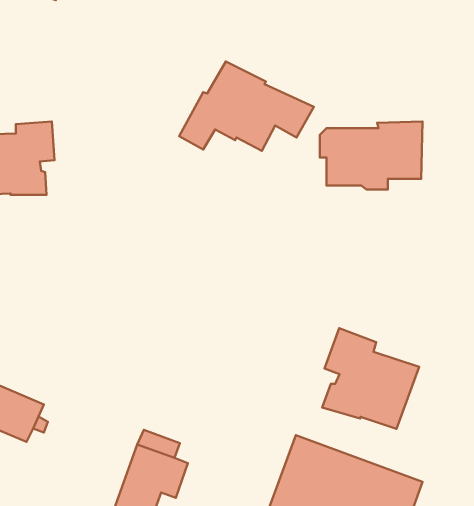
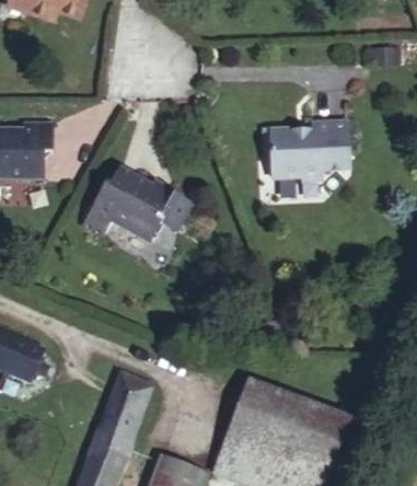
building: [179,62,314,151] -> [81,164,192,238]
building: [322,328,419,429] -> none

